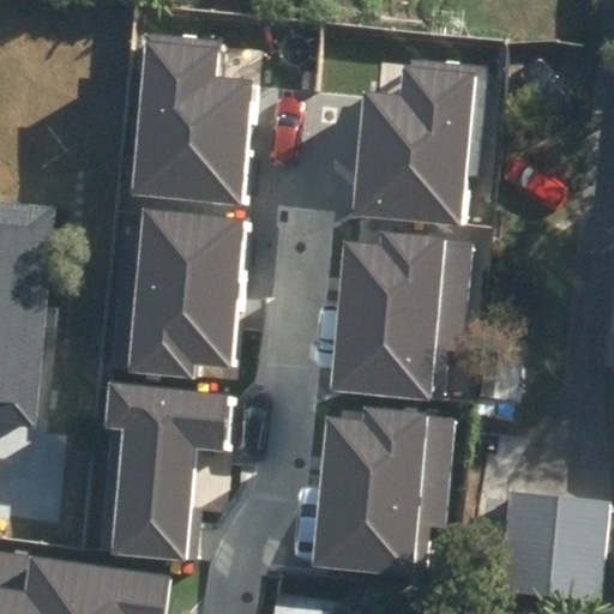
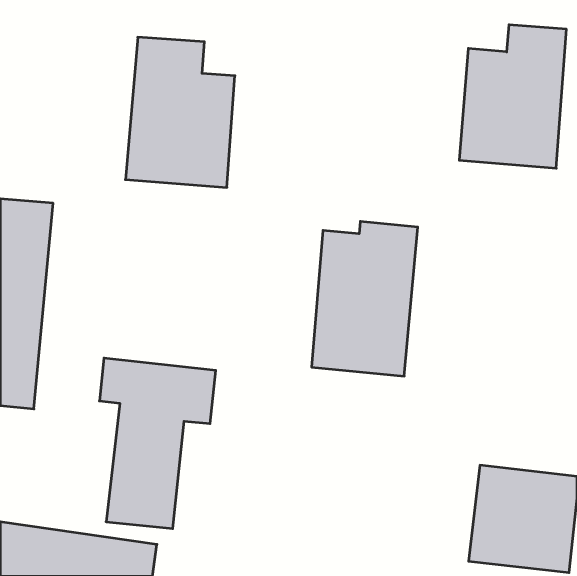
building: [355,70,469,222] -> [459,25,566,168]
building: [128,210,241,373] -> none
building: [313,410,427,574] -> none

